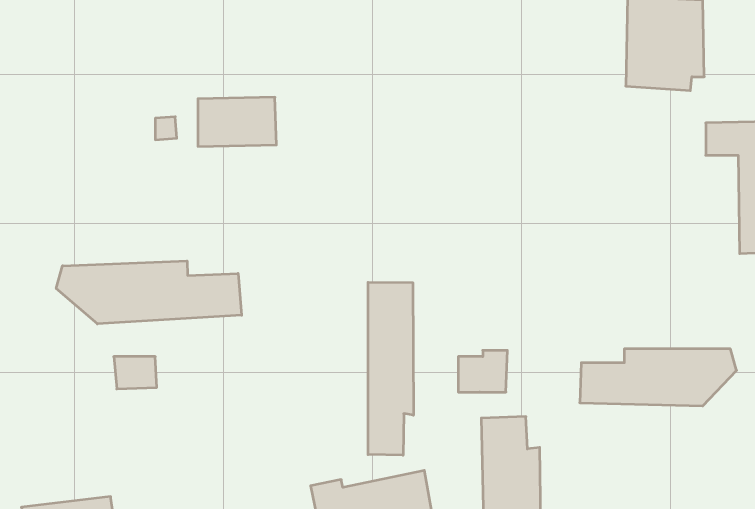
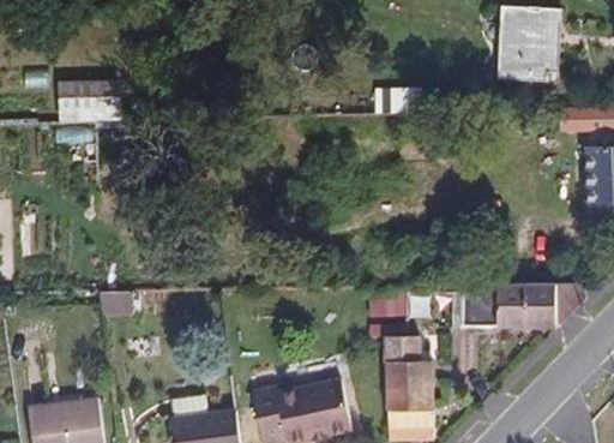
building: [198,97,276,146] -> [60,83,121,121]
building: [56,261,242,324] -> none
building: [368,282,413,455] -> none

